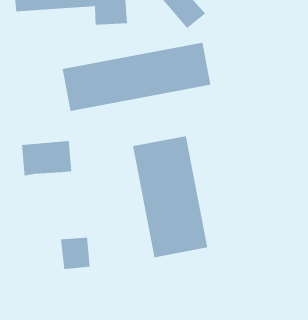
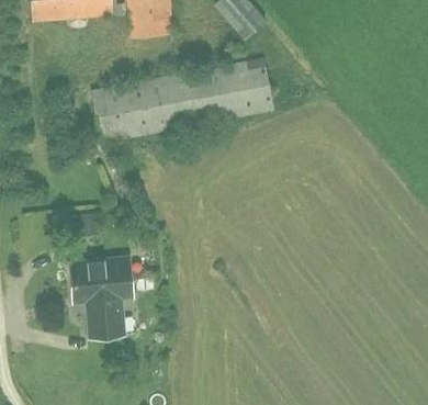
building: [133,135,208,258] -> none
building: [21,140,72,176] -> [70,258,133,302]

